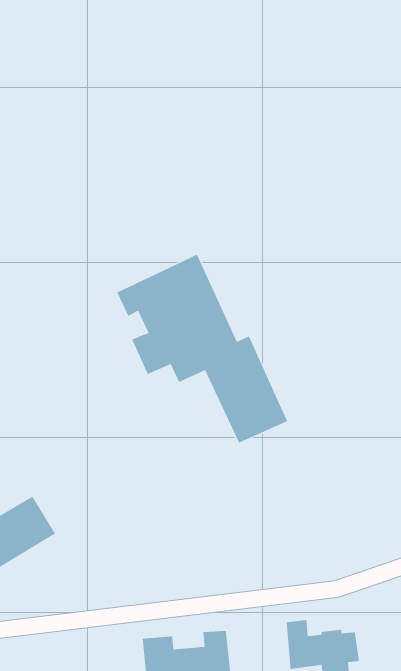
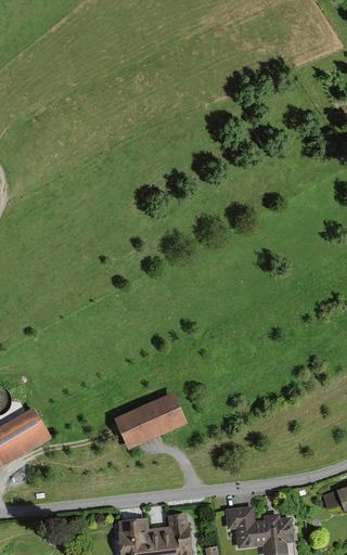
building: [117,254,288,444] -> none
building: none -> [115,391,185,447]

